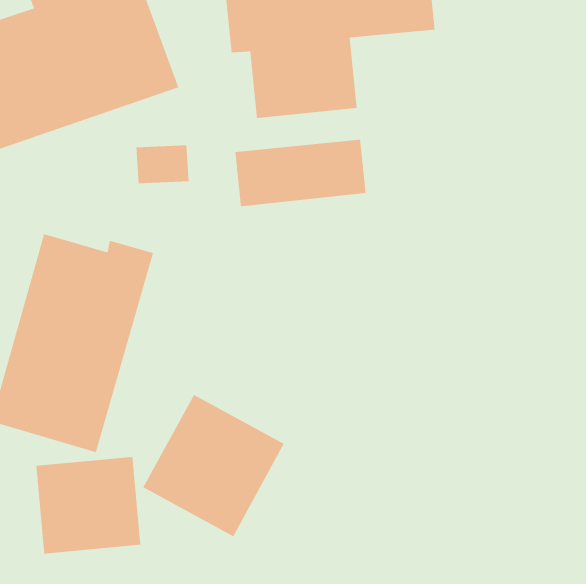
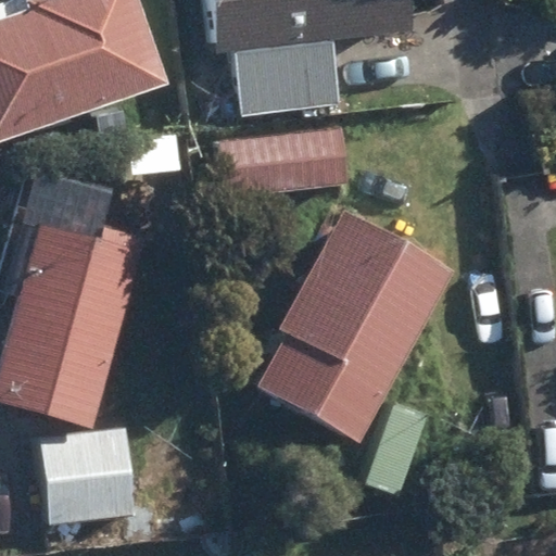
building: none -> [258,210,454,442]
building: [143,394,285,537] -> none

